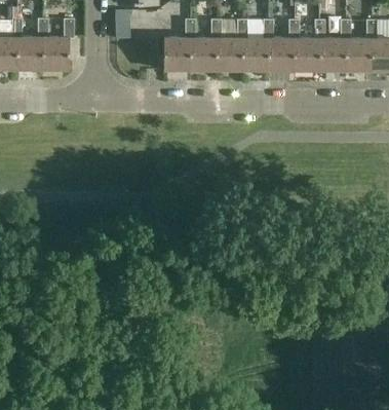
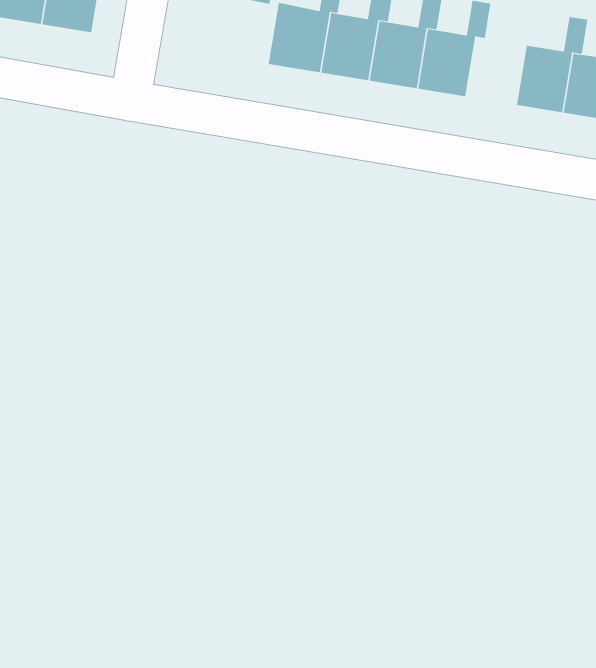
building: [268,20,299,70] -> none

